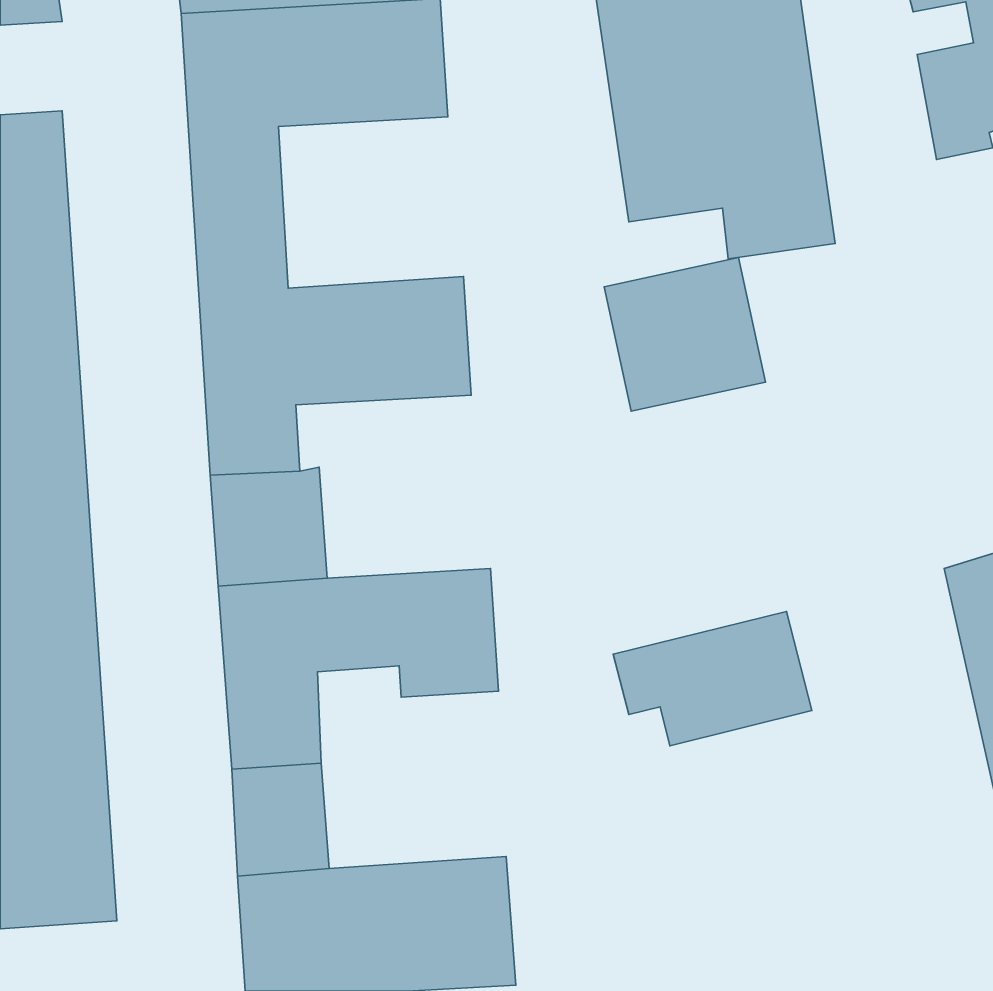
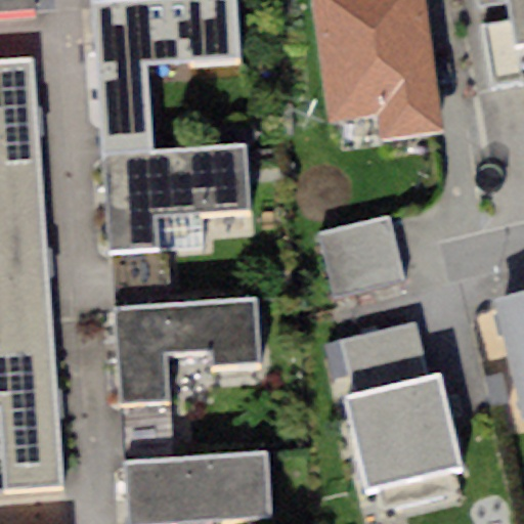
building: [604,257,766,411] -> [318,216,403,297]
building: none -> [344,370,464,492]

